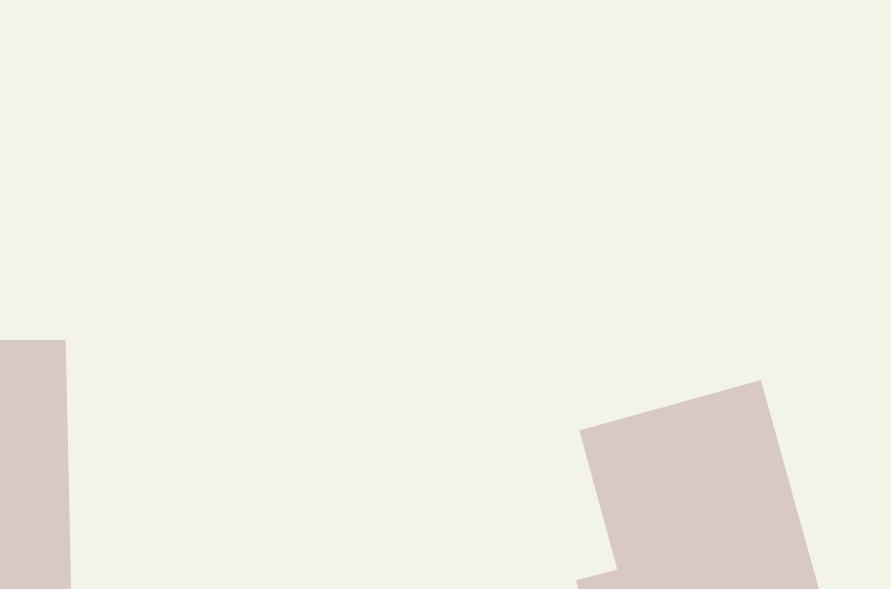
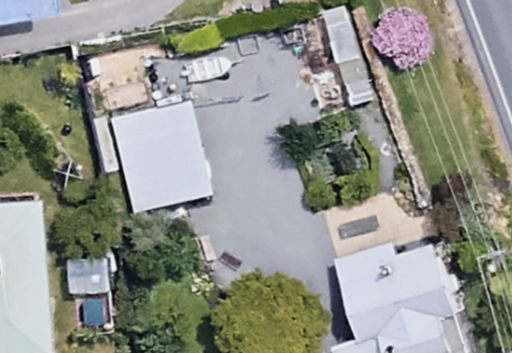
building: none -> [104,102,210,210]

